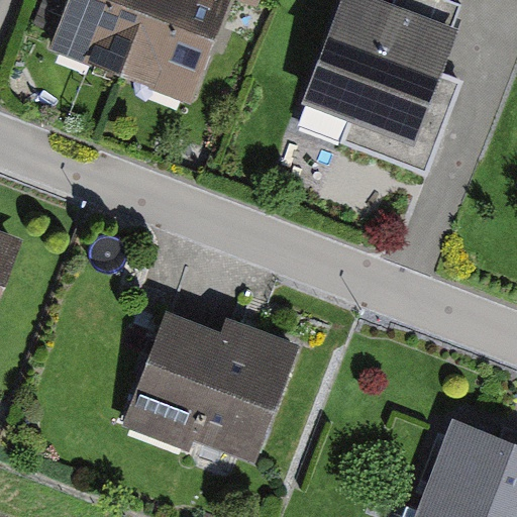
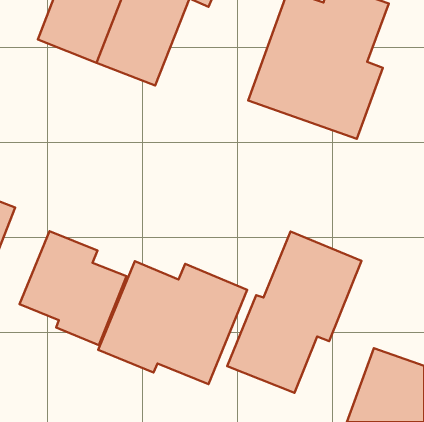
building: none -> [19,231,127,345]
building: none -> [227,232,362,393]

